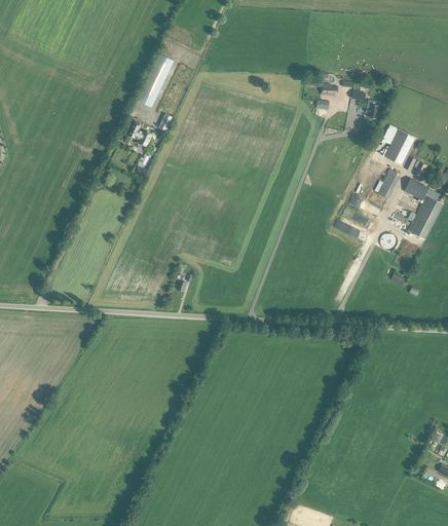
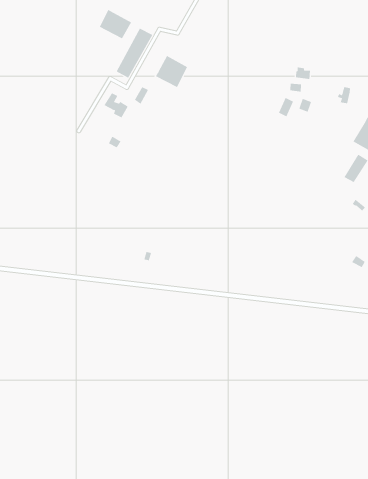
building: none -> [99,9,132,39]
building: none -> [155,55,188,88]

